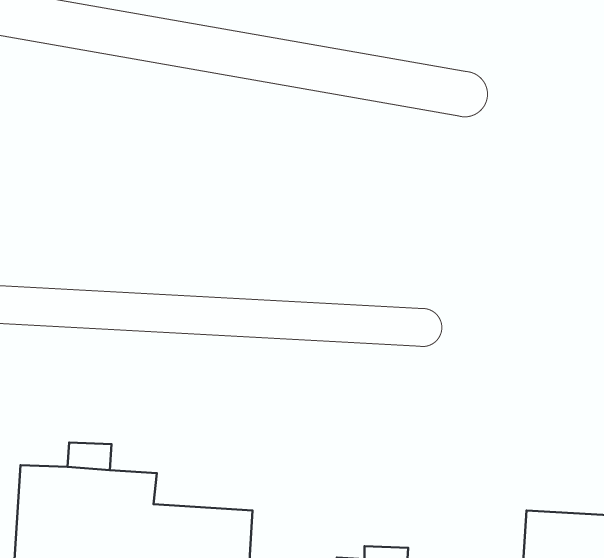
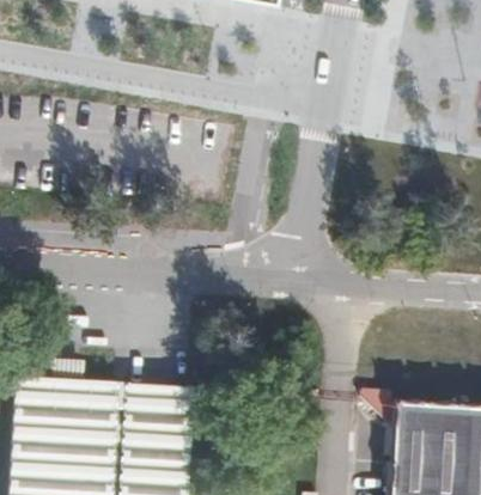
building: none -> [117,389,191,416]

